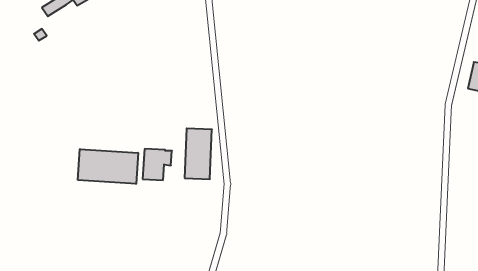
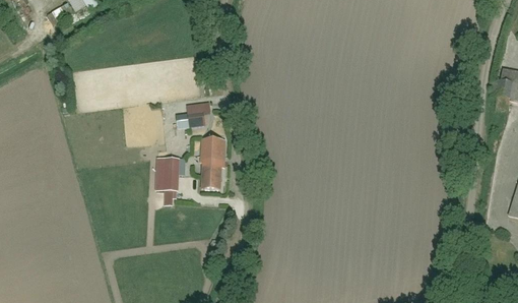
building: none -> [178,100,210,126]
building: [78,149,138,184] -> none

